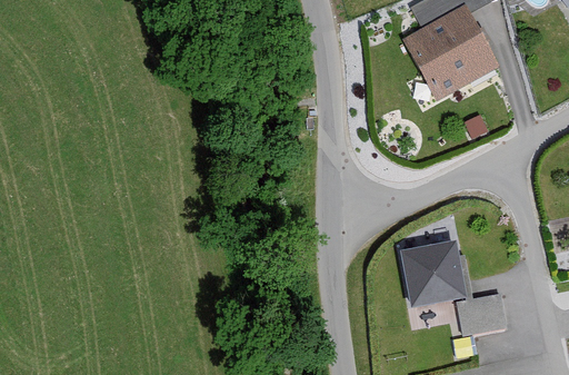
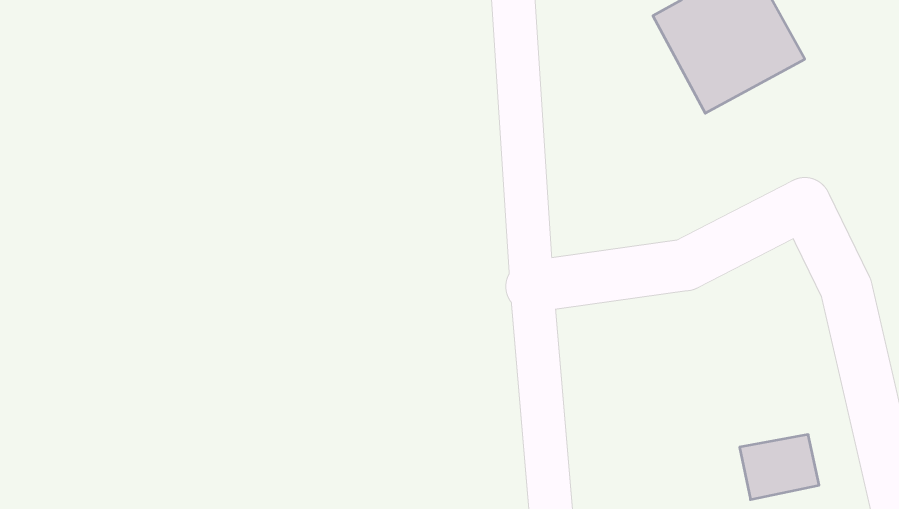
building: [406,244,470,306] -> none

